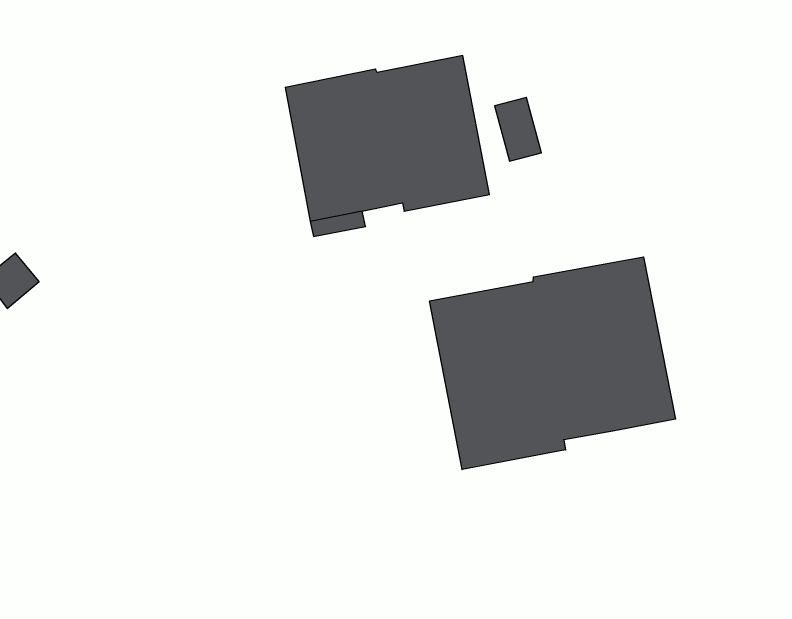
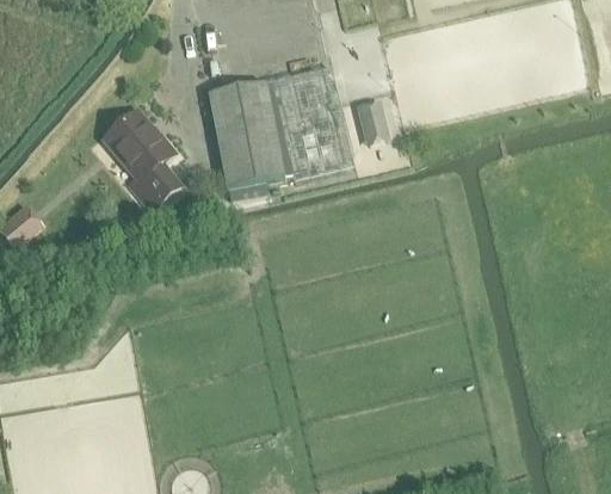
building: none -> [104,109,179,208]
building: [430,257,676,470] -> none

